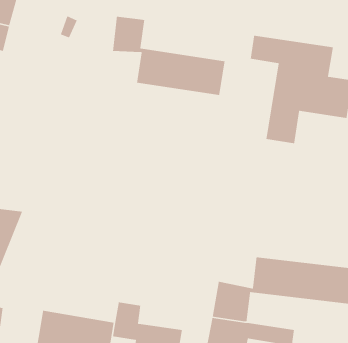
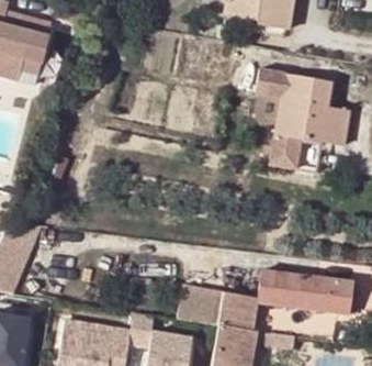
building: [112,16,226,96] -> none
building: none -> [176,284,226,324]

